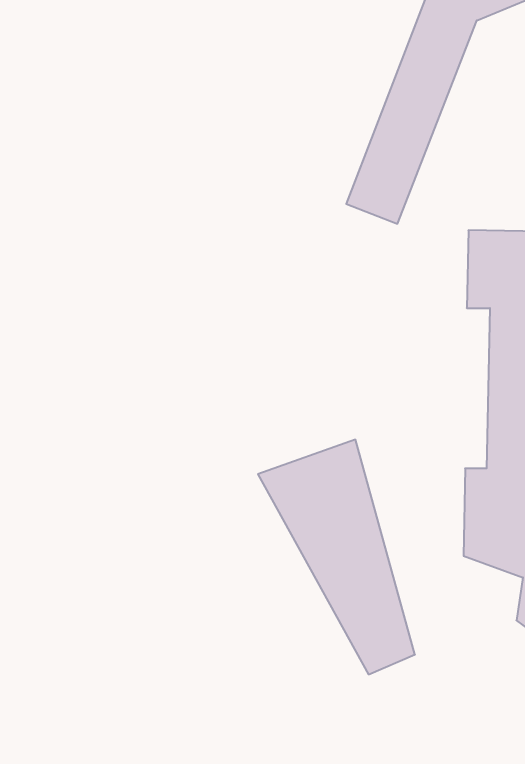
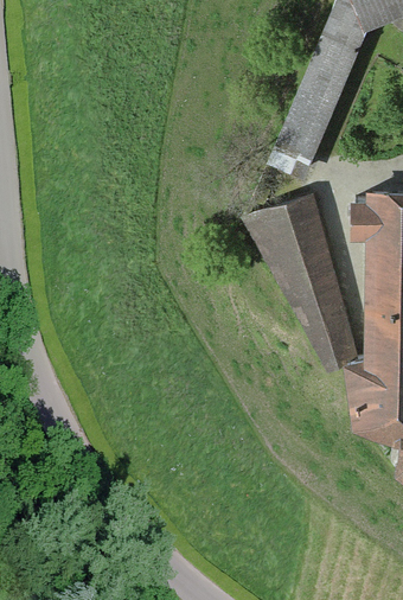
building: [258,440,415,674] -> [242,197,354,365]

